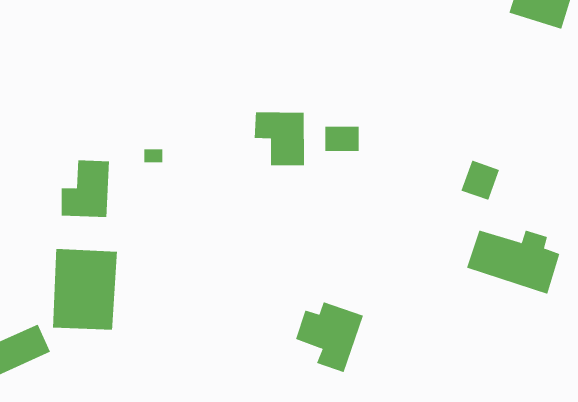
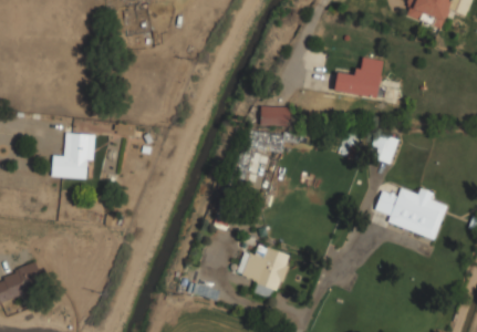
building: none -> [335,54,384,97]
building: [254,112,305,166] -> none
building: [52,248,117,331] -> none

